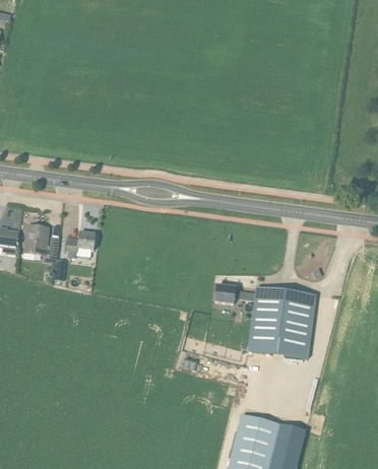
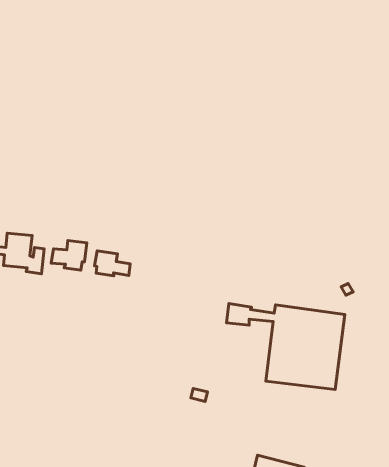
building: none -> [95,251,130,276]

